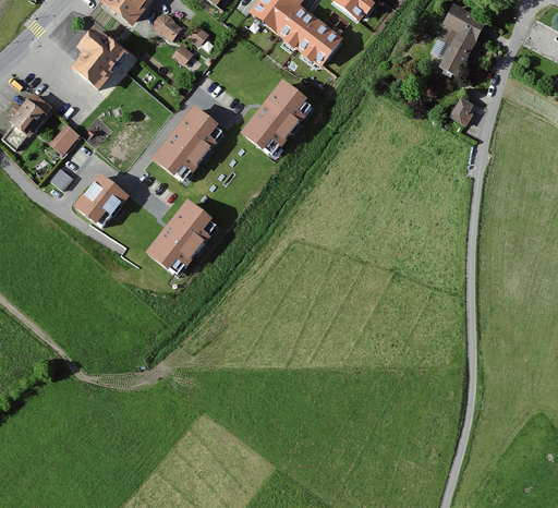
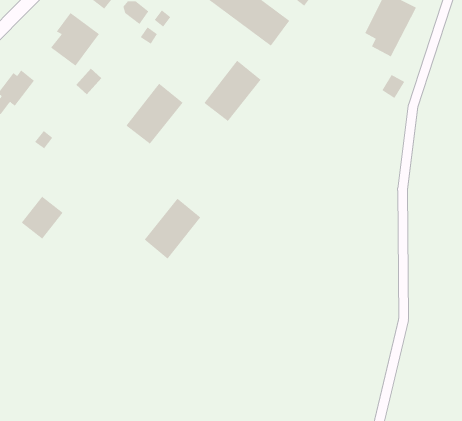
building: [49,122,80,154] -> [76,68,102,95]
building: [77,174,126,225] -> [21,196,64,240]
building: [150,202,216,273] -> [144,198,201,260]

